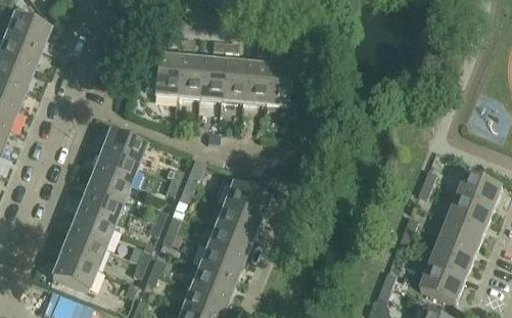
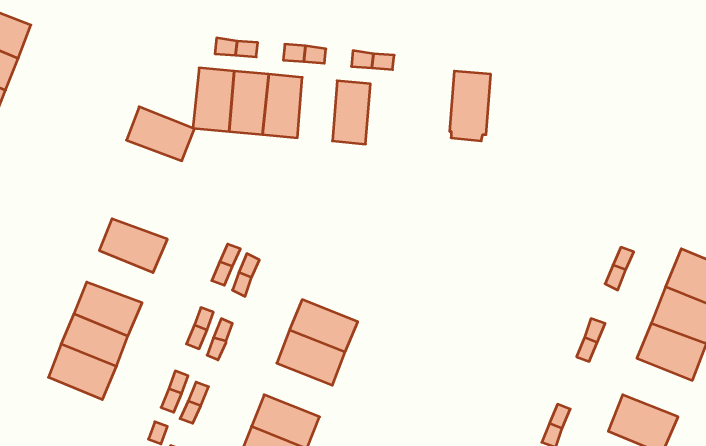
building: [221,60,246,101] -> none
building: [265,64,291,109] -> [450,71,491,141]
building: [101,130,145,165] -> [126,107,195,161]
building: [85,172,128,206] -> none
building: [224,182,269,218] -> none
building: [430,241,475,279] -> none
building: [199,244,243,279] -> none
building: [52,254,95,289] -> none

